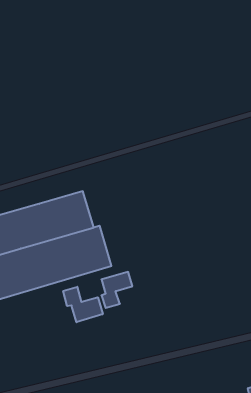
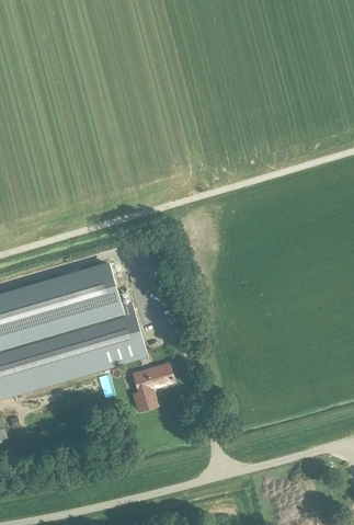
building: [63,287,103,322] -> none

